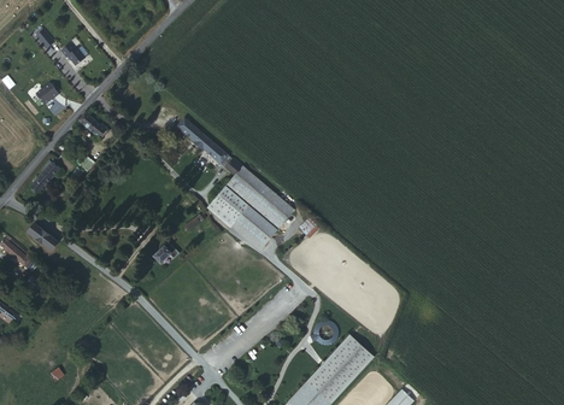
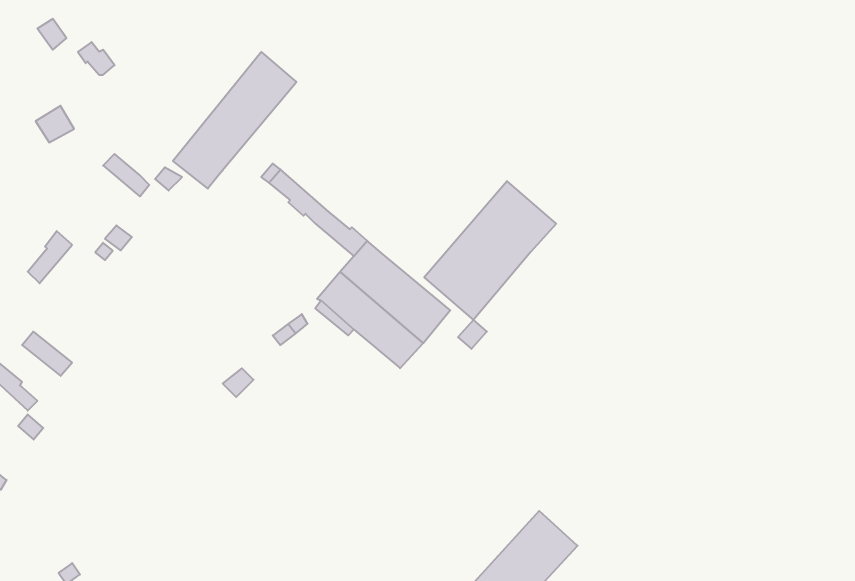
building: none -> [173,52,296,189]
building: none -> [424,181,556,320]

